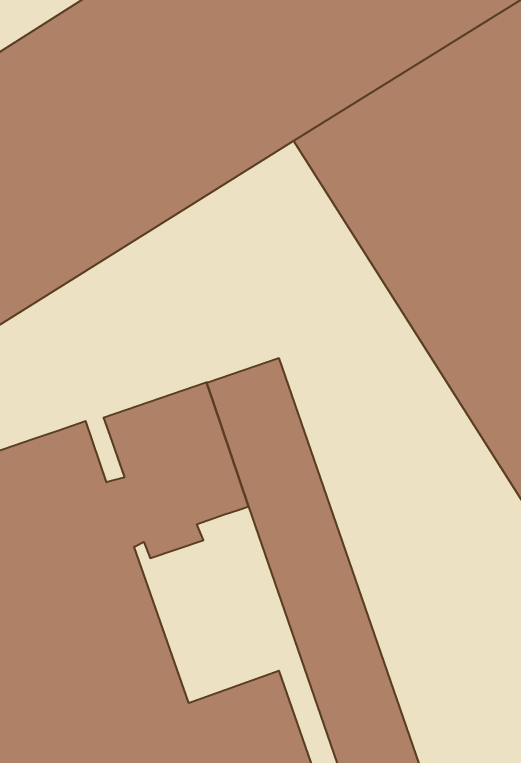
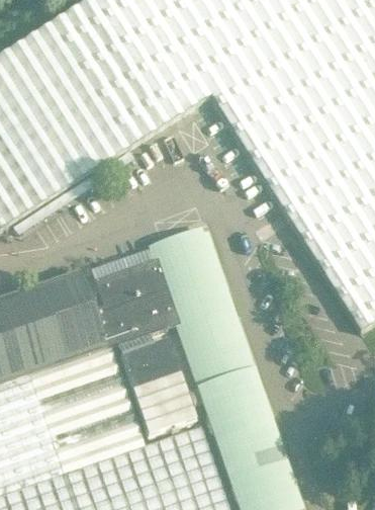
building: none -> [119,341,195,437]

